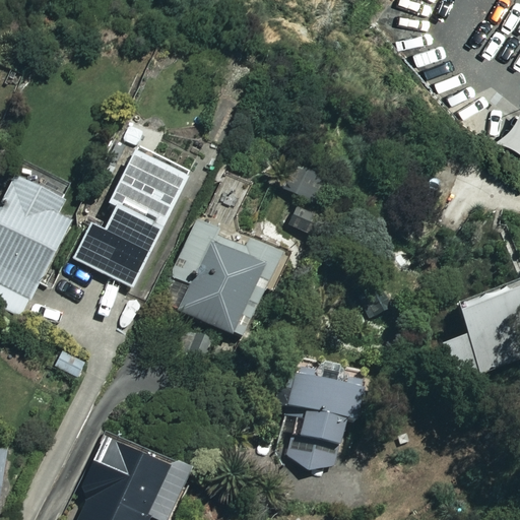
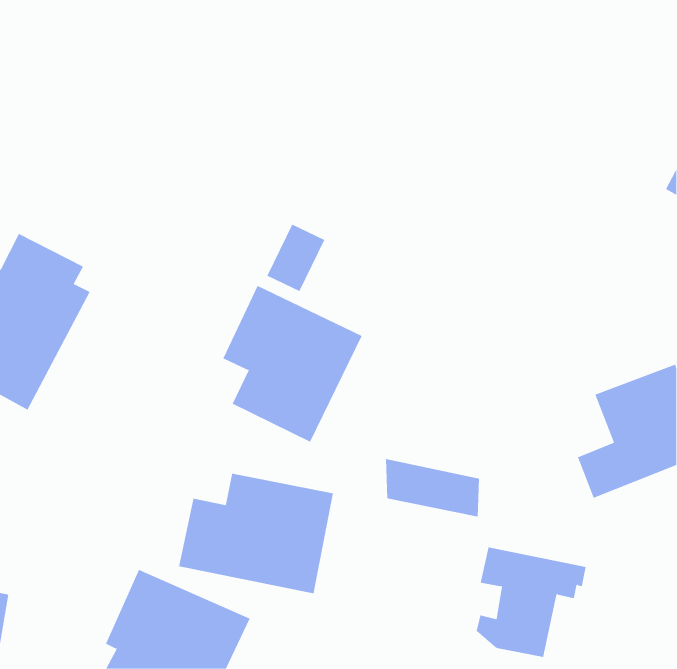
building: [70,146,194,291] -> none
building: none -> [178,473,334,594]
building: [282,385,367,469] -> [476,547,587,657]

